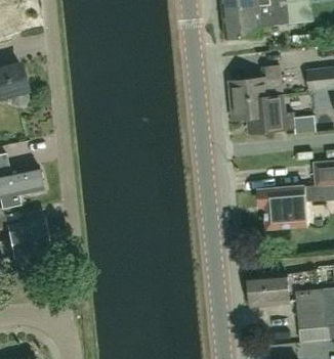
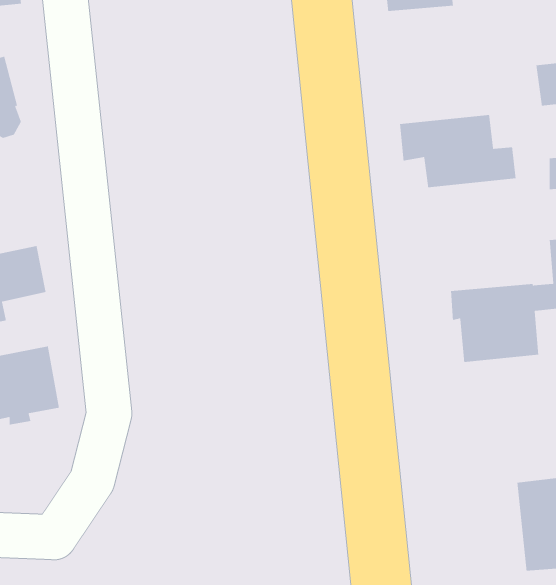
building: [231,65,282,99] -> none
building: [248,272,290,307] -> none

